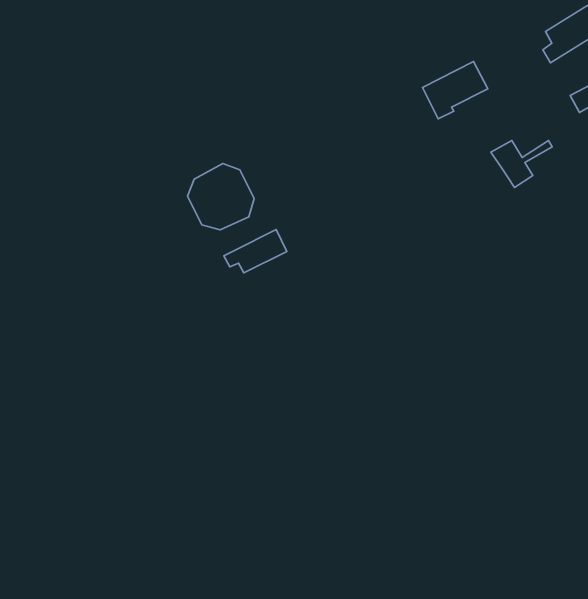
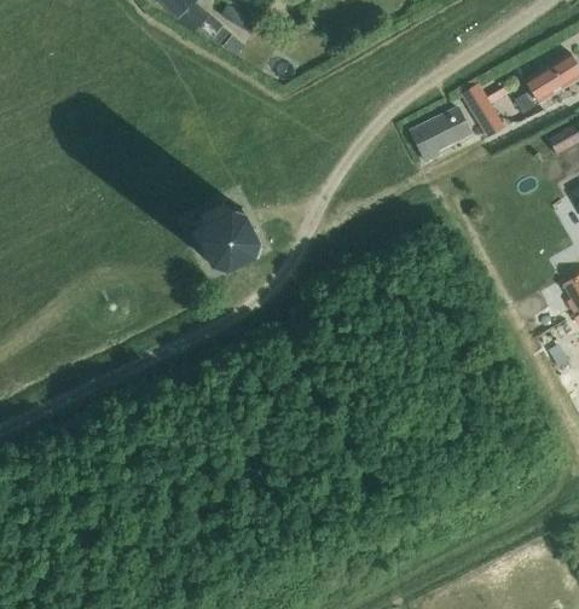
building: [491,140,552,187] -> [459,83,516,127]
building: [224,230,287,273] -> none

